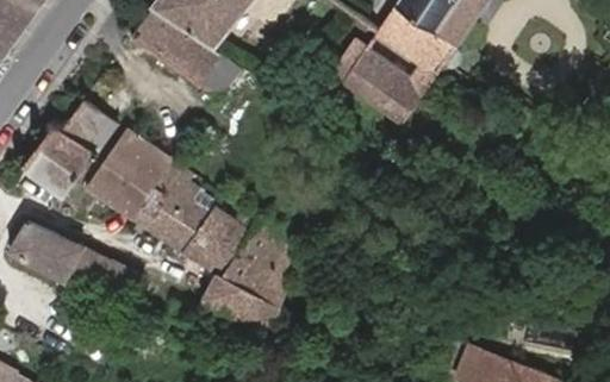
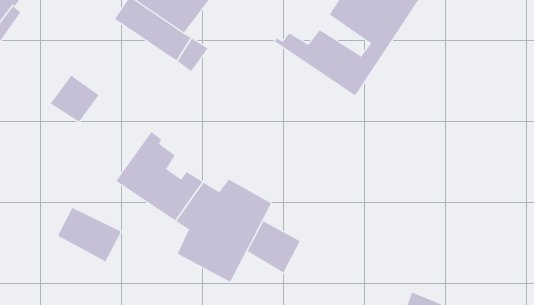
building: [23,127,92,195] -> none
building: [87,138,169,220] -> none
building: [10,221,83,282] -> none
building: none -> [247,220,300,273]

